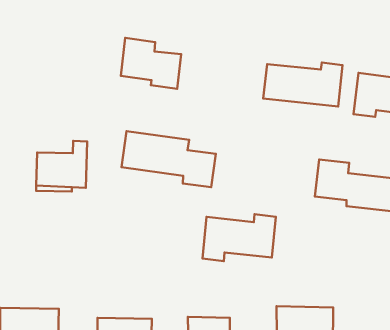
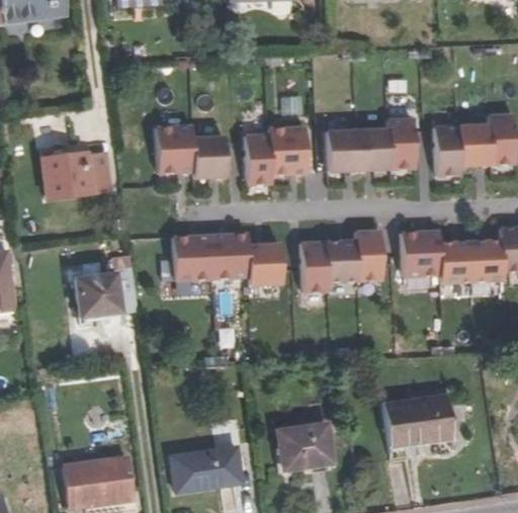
building: none -> [44,153,110,198]
building: none -> [244,129,307,186]
building: [202,214,276,261] -> [301,231,384,292]

